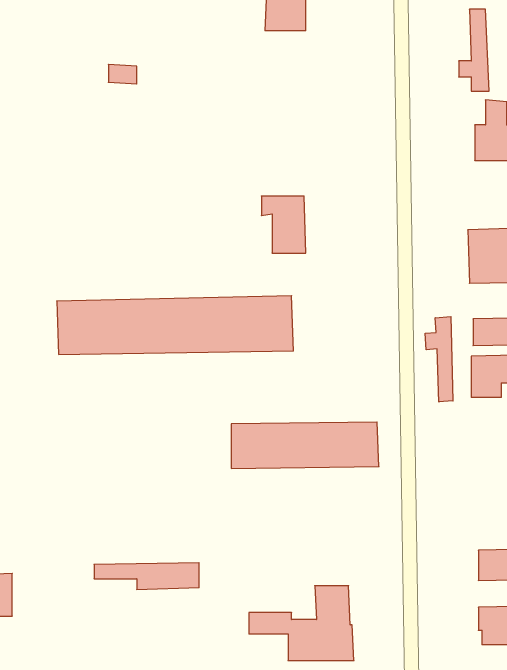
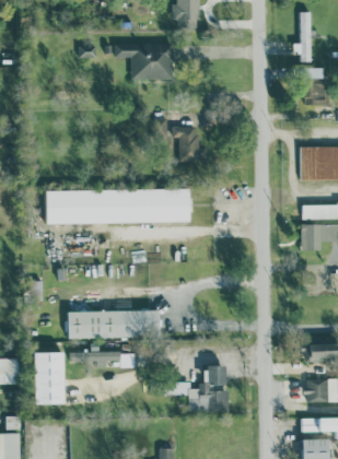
building: none -> [114,44,172,80]
building: [425,317,453,402] -> none
building: [231,422,379,468] -> [69,310,160,339]
building: none -> [35,352,66,405]

